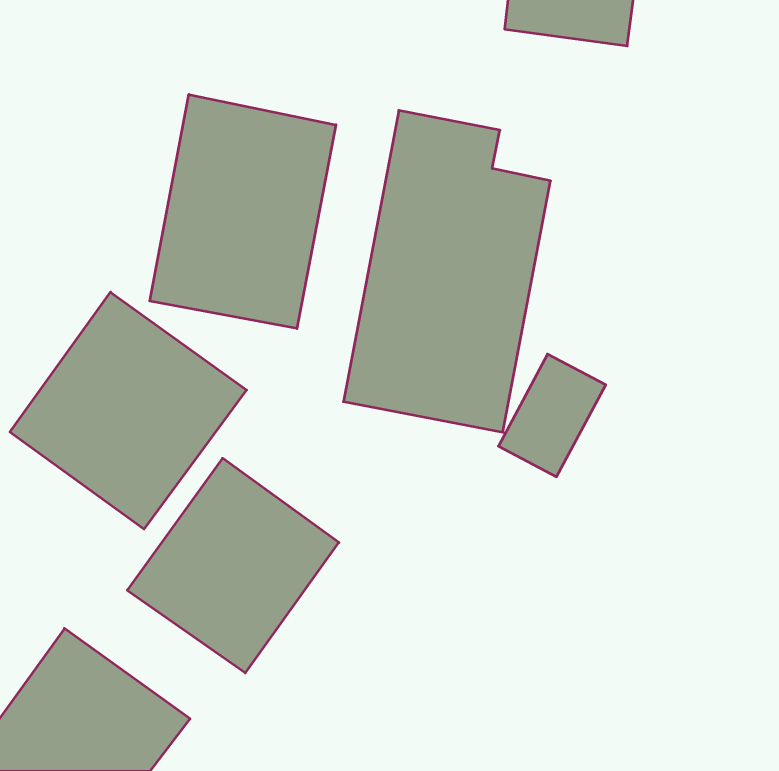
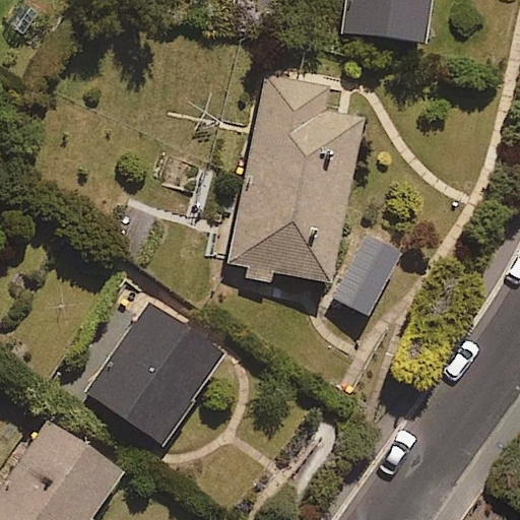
building: [150,94,336,329] -> none
building: [10,292,247,529] -> none

